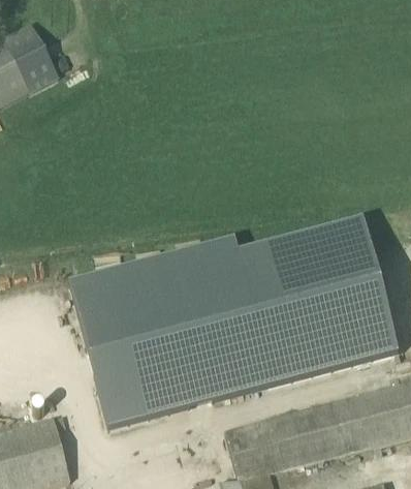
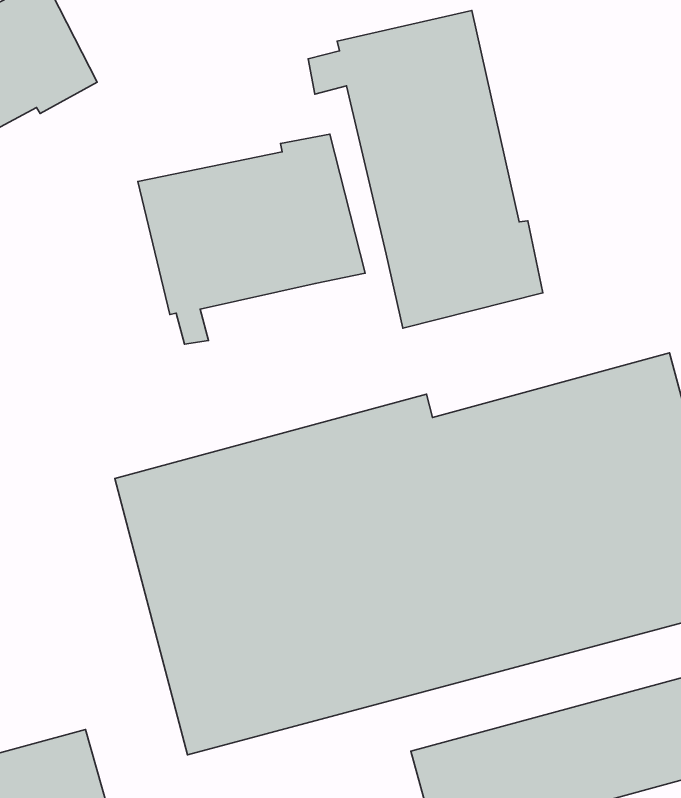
building: none -> [308,10,543,328]
building: none -> [138,134,365,344]

